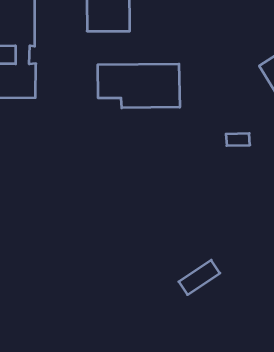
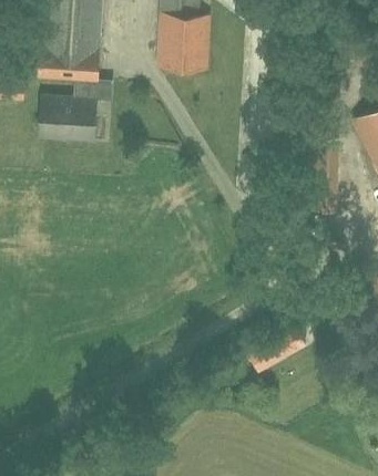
building: [98,64,180,108] -> none

